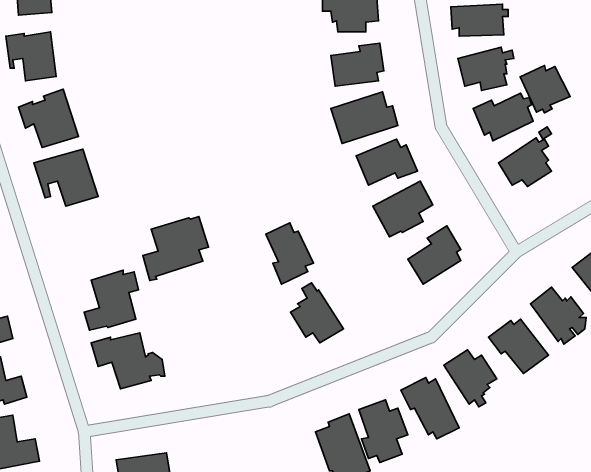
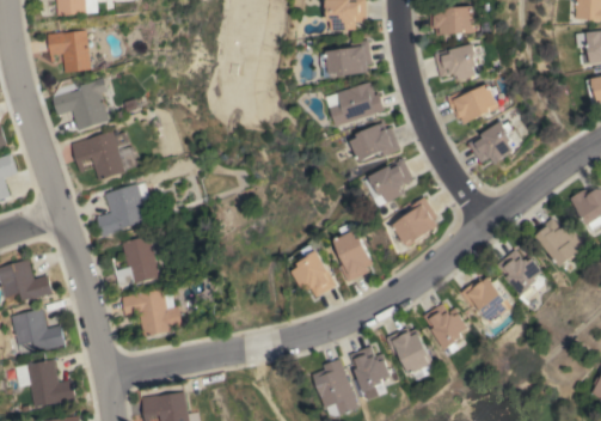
building: [520,66,570,113] -> none
building: [143,216,209,281] -> [96,182,152,237]
building: [266,223,313,284] -> [332,230,373,282]

